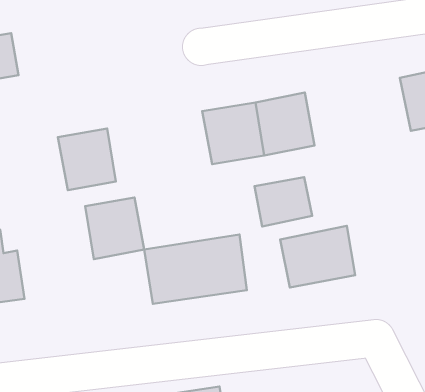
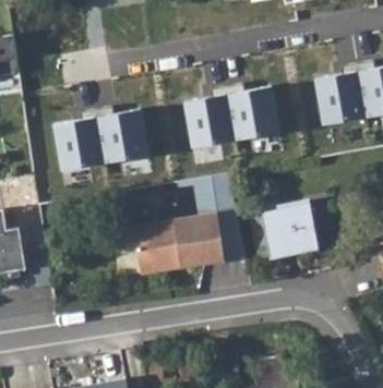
building: none -> [314,74,366,129]
building: [255,177,312,226] -> none
building: [85,198,144,259] -> [97,111,149,166]

